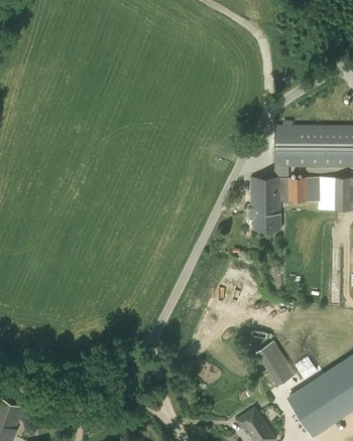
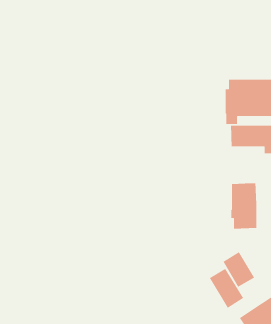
building: [250,178,280,232] -> [230,182,257,230]
building: none -> [223,251,255,288]

